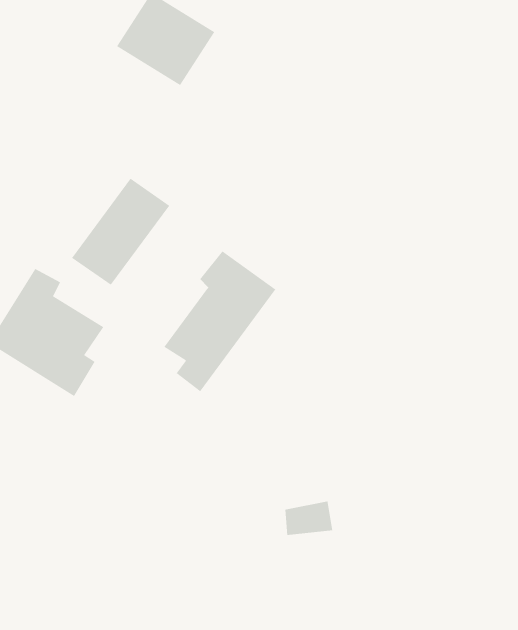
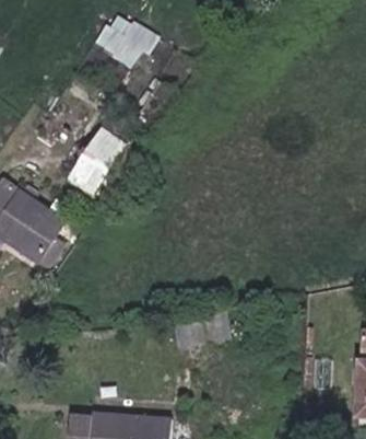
building: [163,250,276,392] -> none

